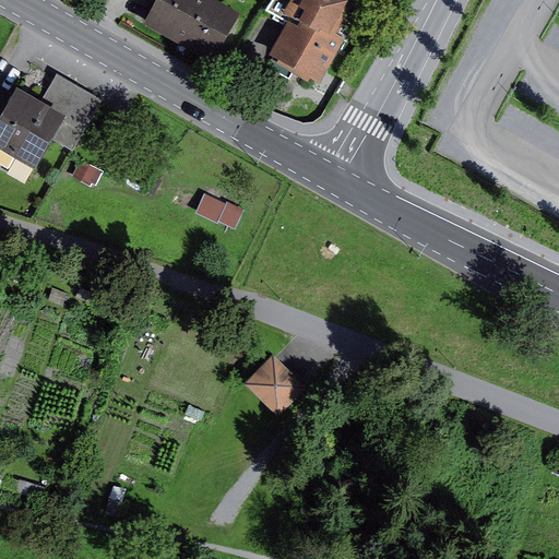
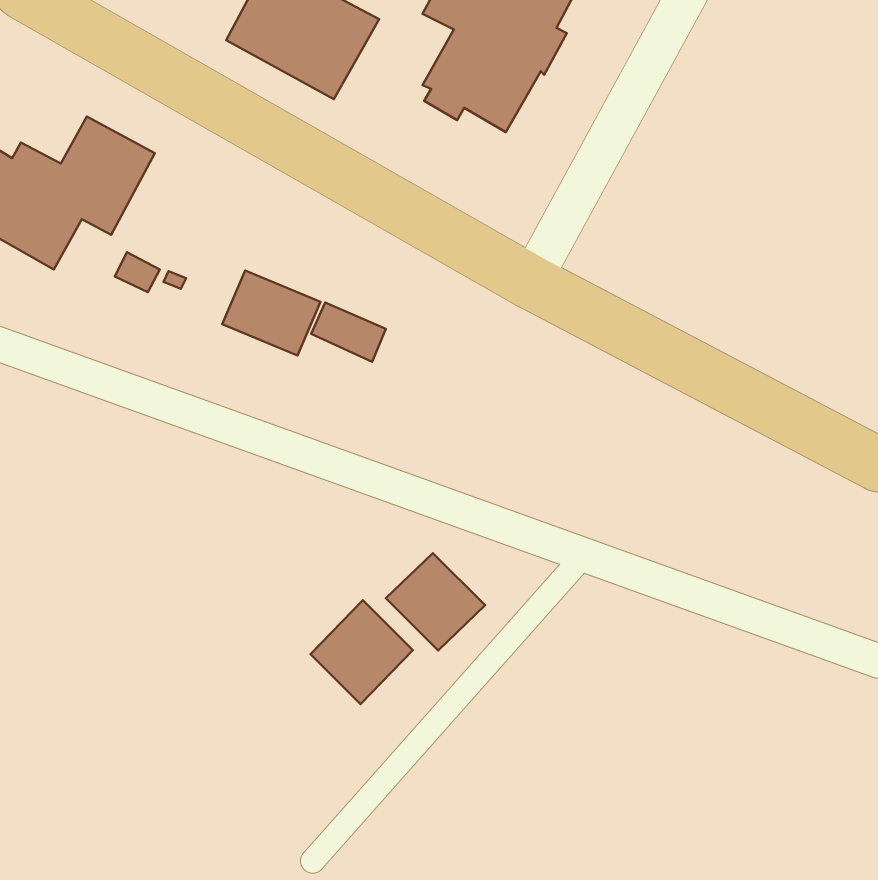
building: none -> [222,270,321,355]
building: none -> [310,600,413,704]

